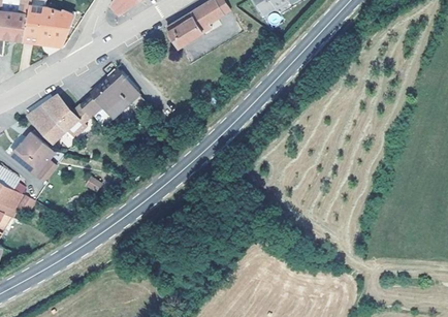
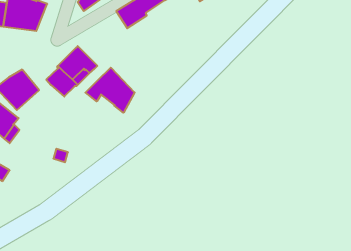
building: none -> [85,68,135,113]

